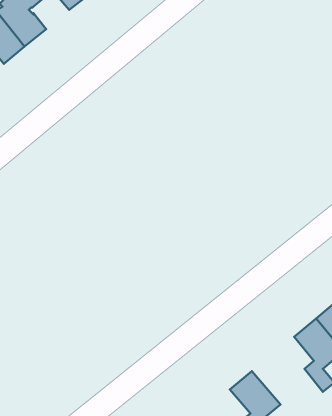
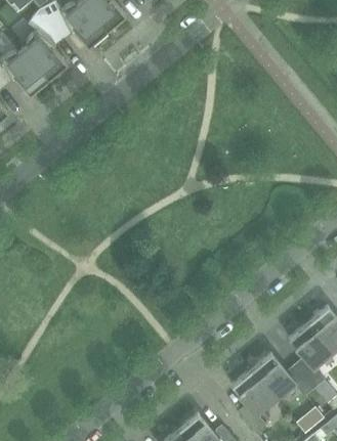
building: none -> [250,353,313,399]

